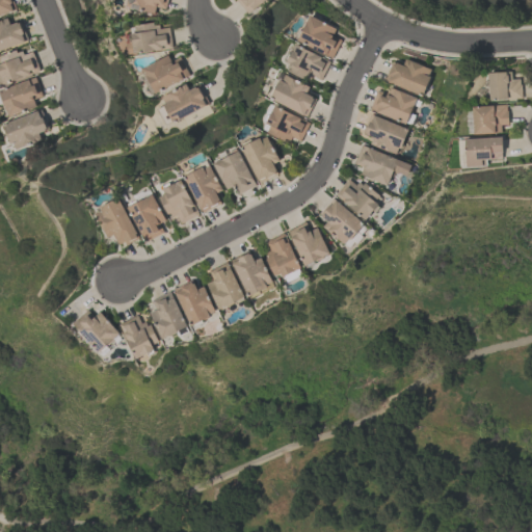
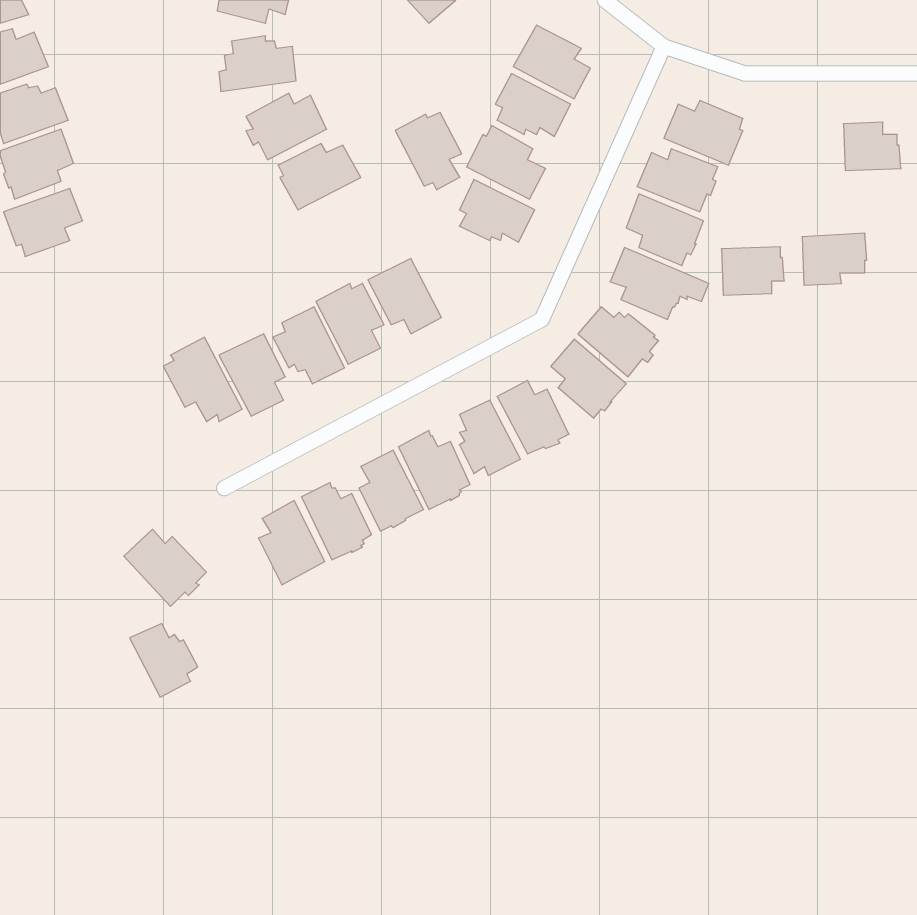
building: [472,105,508,133] -> [721,247,784,295]
building: [241,136,280,181] -> [395,113,462,190]
building: [119,316,159,358] -> [130,624,198,697]

